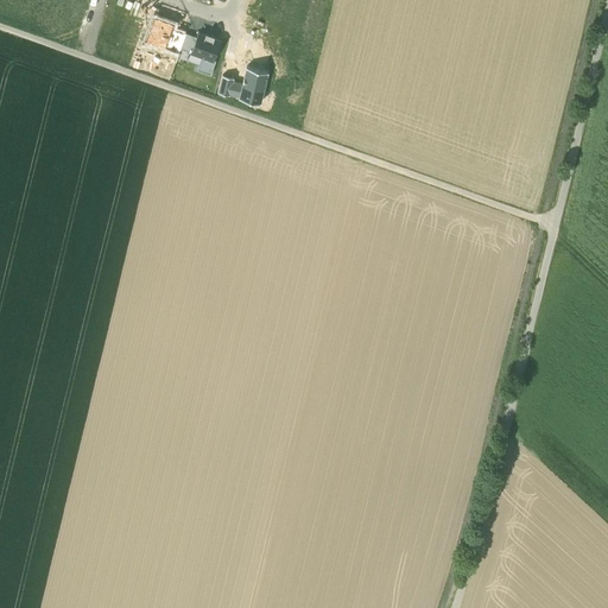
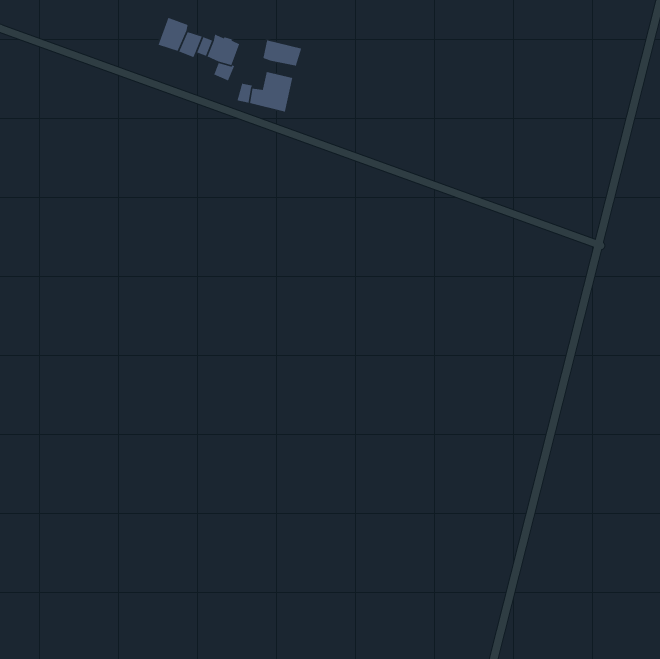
building: none -> [262,40,302,66]

